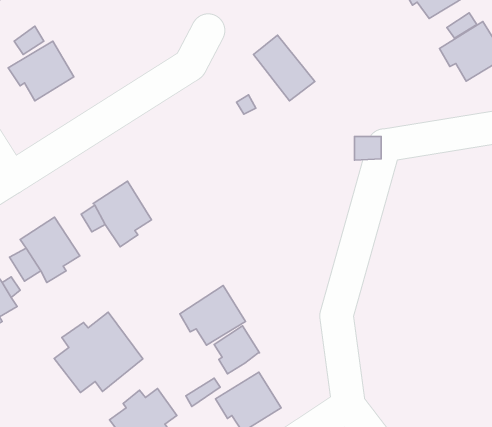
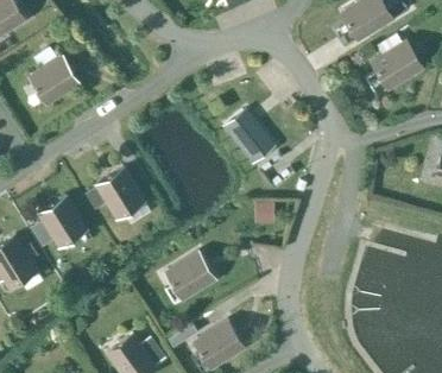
building: [254,35,315,101] -> [223,110,272,163]
building: [54,312,143,393] -> none
building: [214,326,259,374] -> none

